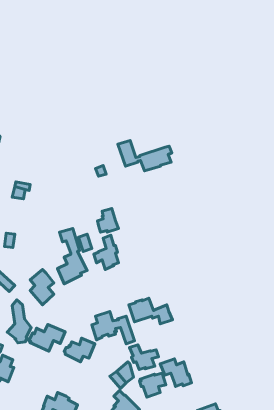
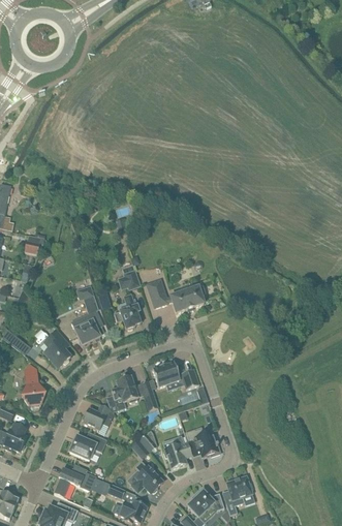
building: [118,140,172,171] -> [146,279,205,312]
building: [29,324,65,351] -> [67,431,106,460]
building: [129,345,159,370] -> none

